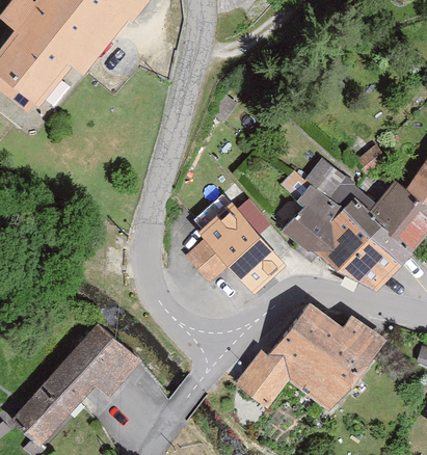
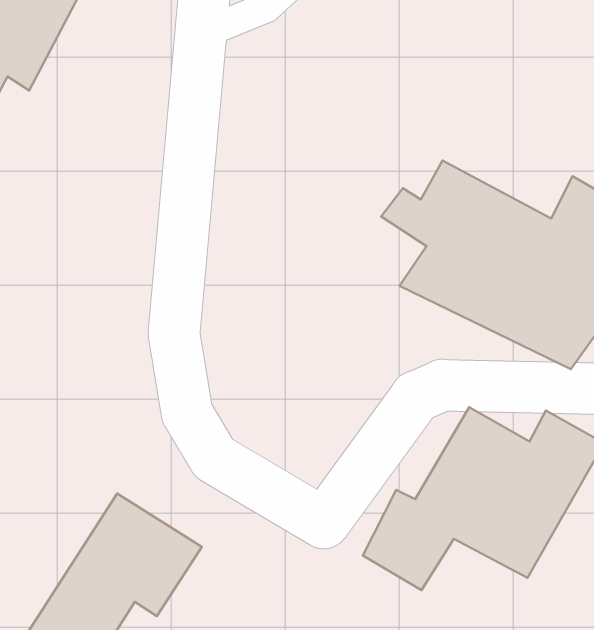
building: [172,196,285,285] -> none

